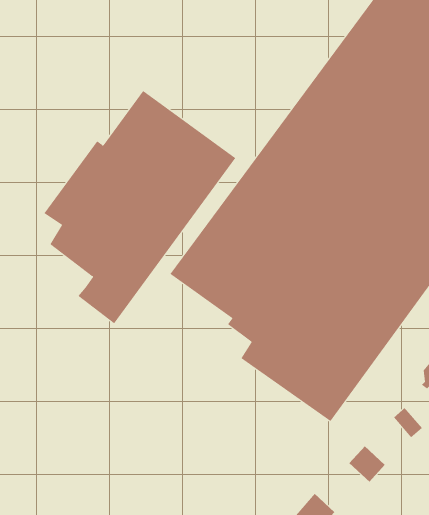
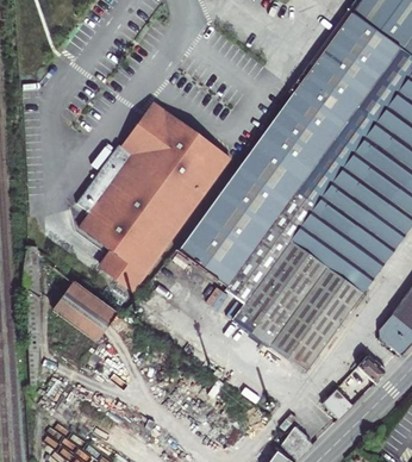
building: none -> [52,280,117,341]

